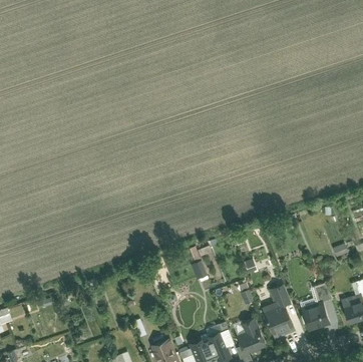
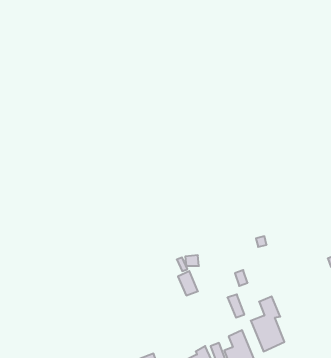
building: [301,283,332,332] -> none

